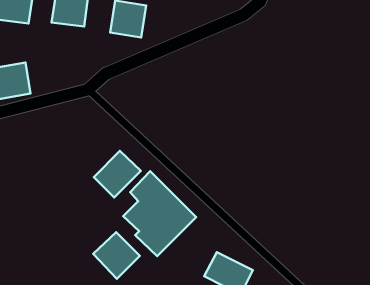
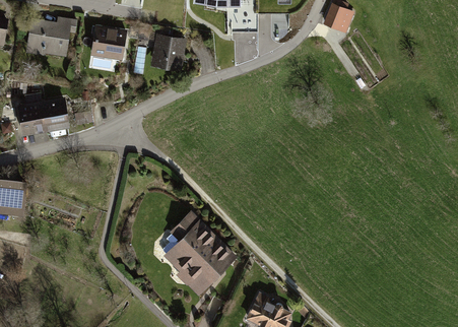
building: [94,151,141,198] -> none
building: [93,232,140,279] -> none

